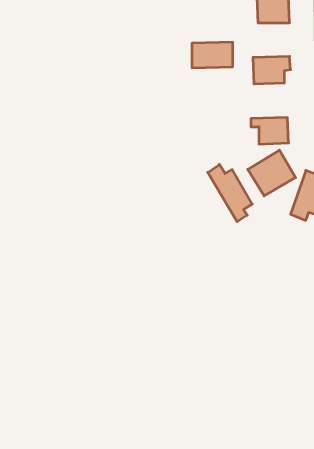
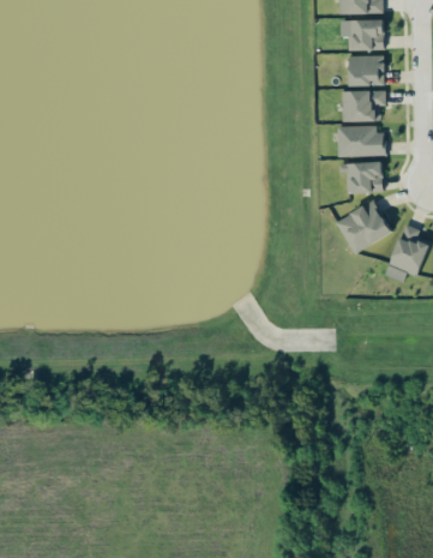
building: none -> [349,55,385,86]
building: [192,42,233,68] -> [337,127,385,157]
building: [208,164,252,222] -> none

